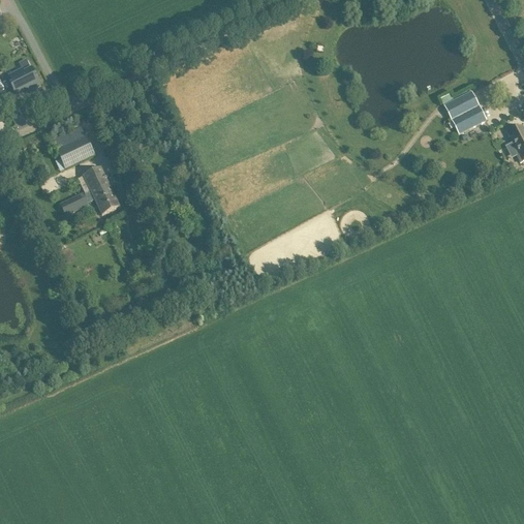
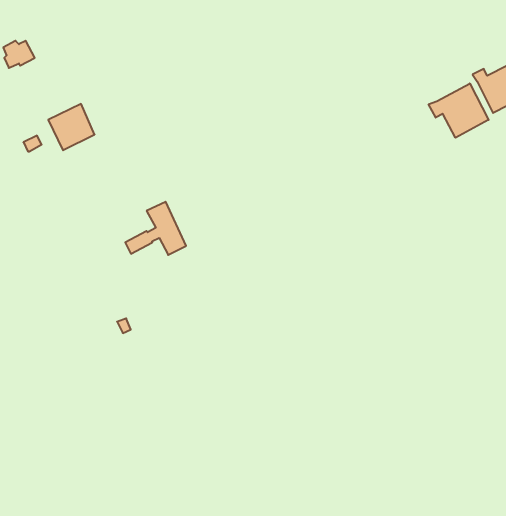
building: none -> [429,83,489,138]
building: [62,165,118,214] -> [125,202,186,255]

